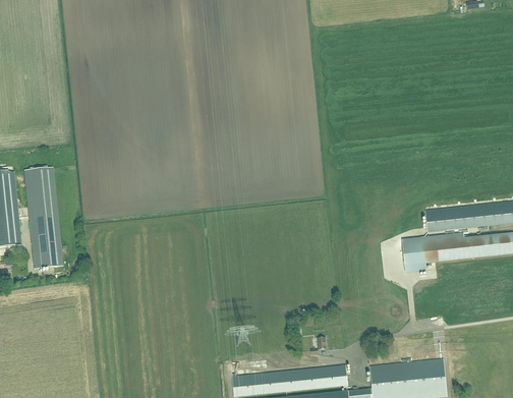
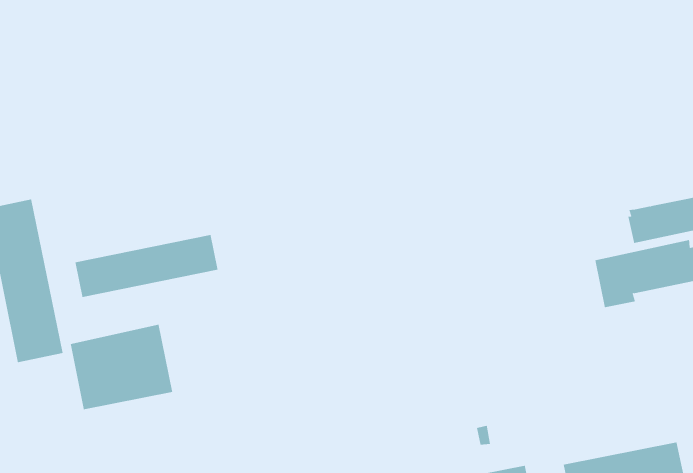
building: none -> [75,234,218,298]
building: none -> [70,324,173,410]

